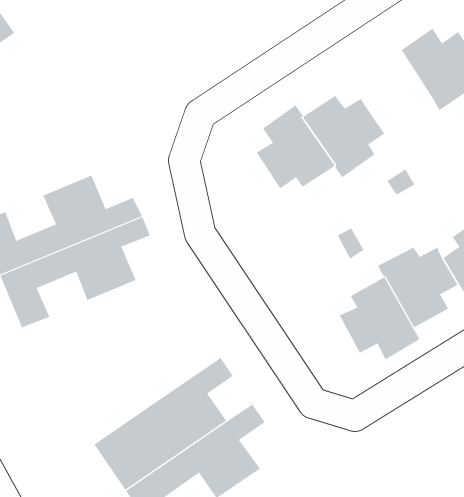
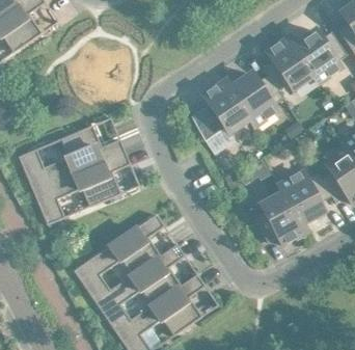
building: none -> [263,36,315,90]
building: none -> [74,214,165,300]

